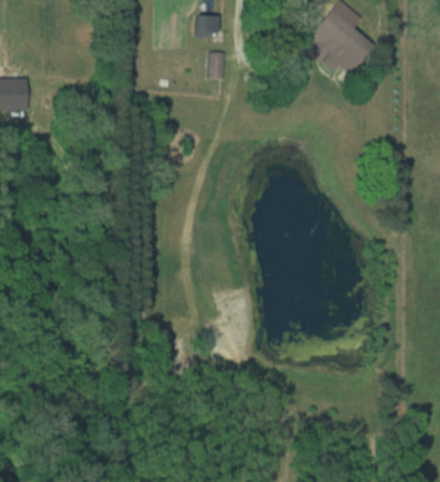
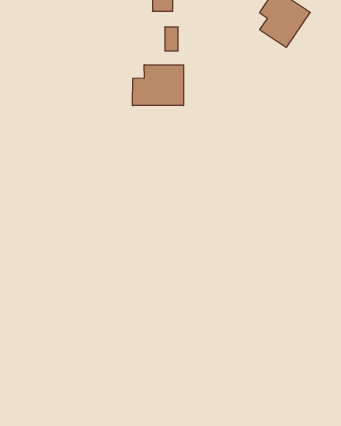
building: none -> [132,65,184,106]

